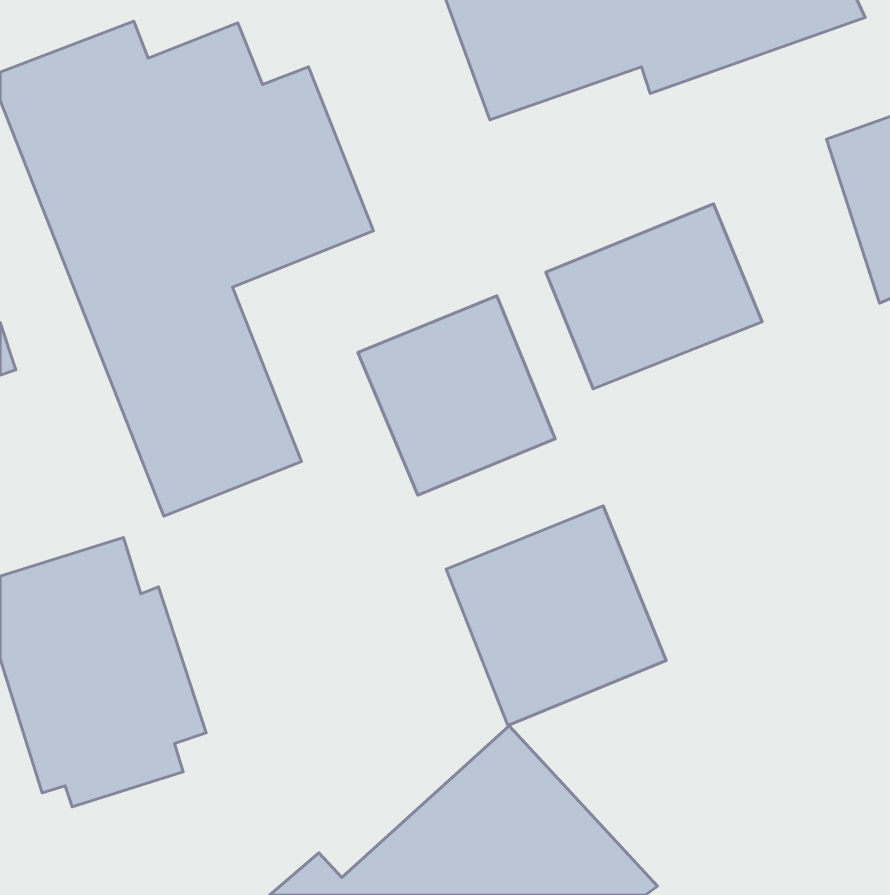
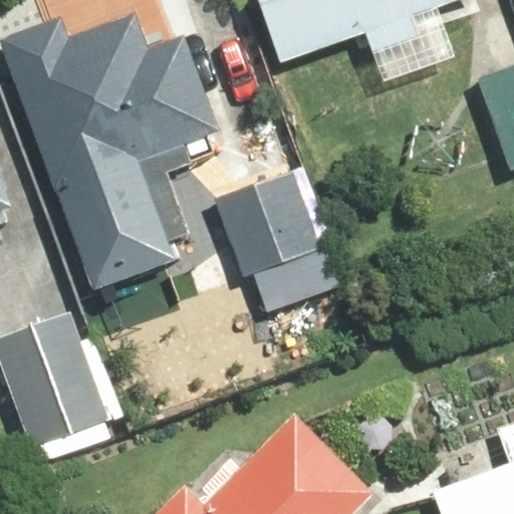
building: [546,204,762,389] -> none
building: [446,506,666,725] -> none

